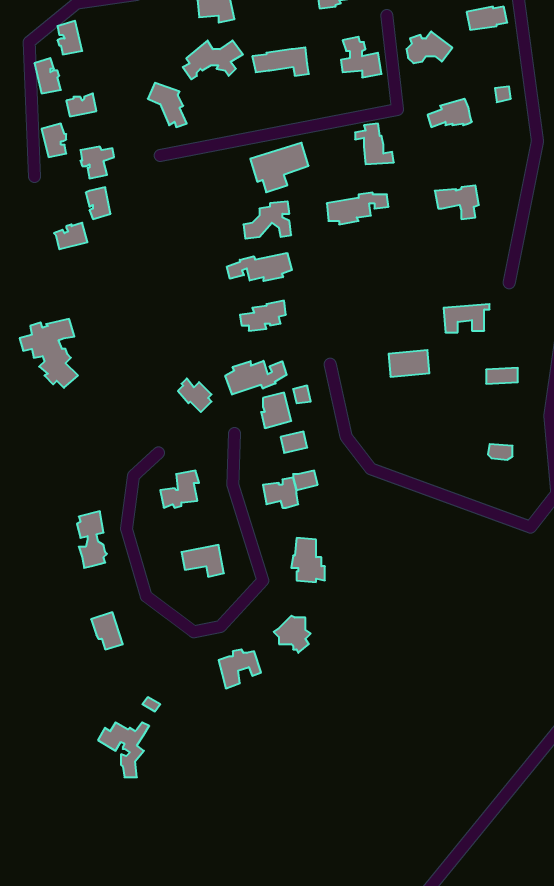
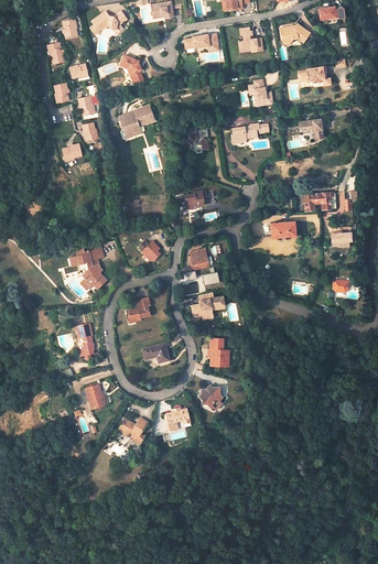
building: [183,40,243,79] -> [89,11,127,35]
building: [250,143,309,192] -> [118,107,154,138]
building: [227,253,292,281] -> none
building: [20,319,78,388] -> [68,247,105,290]
building: [225,361,287,395] -> none
building: [98,722,149,777] -> [116,420,148,454]

